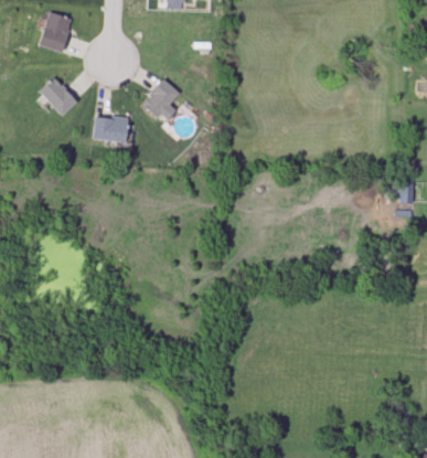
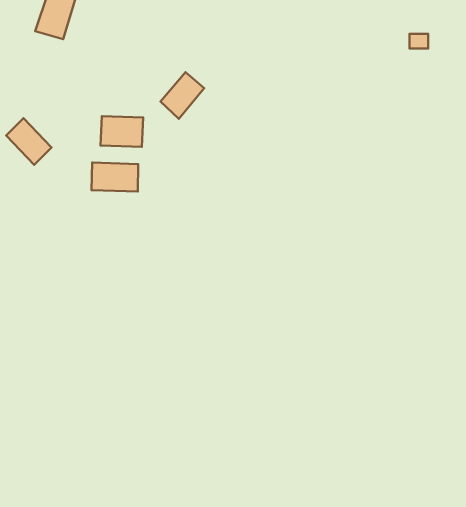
building: [40,77,77,116] -> [6,118,52,165]
building: none -> [92,163,138,192]

